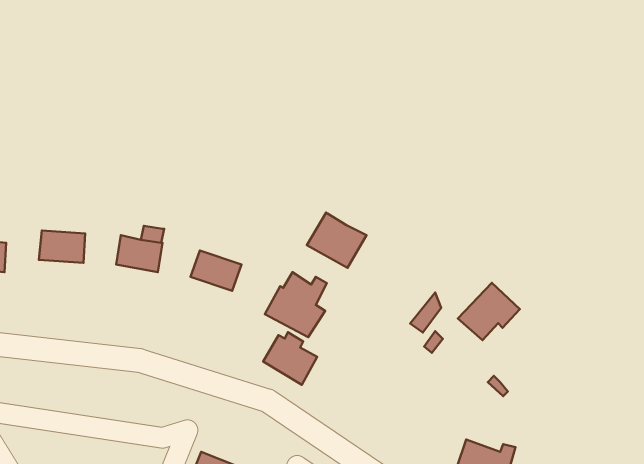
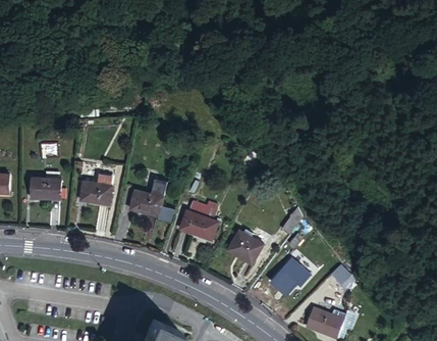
building: [307,213,367,268] -> none
building: [458,283,520,340] -> [271,259,312,297]
building: [263,332,317,385] -> [225,233,261,267]

